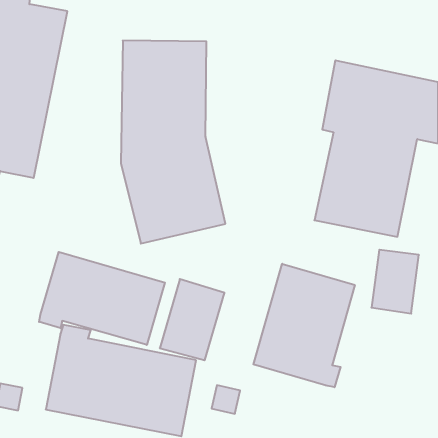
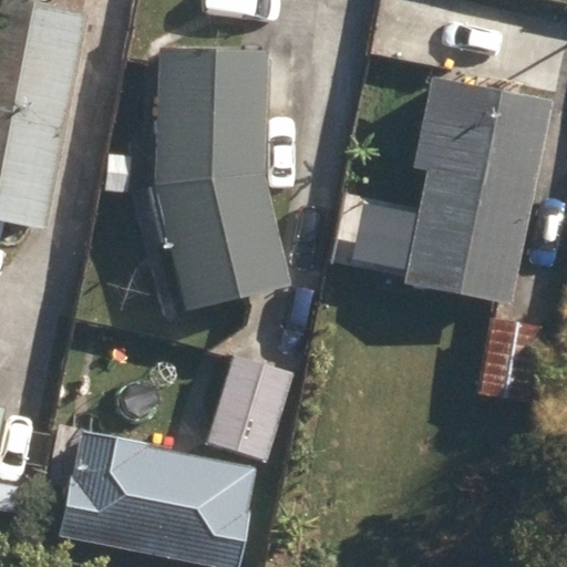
building: [39,252,165,345] -> none
building: [253,264,355,387] -> none

